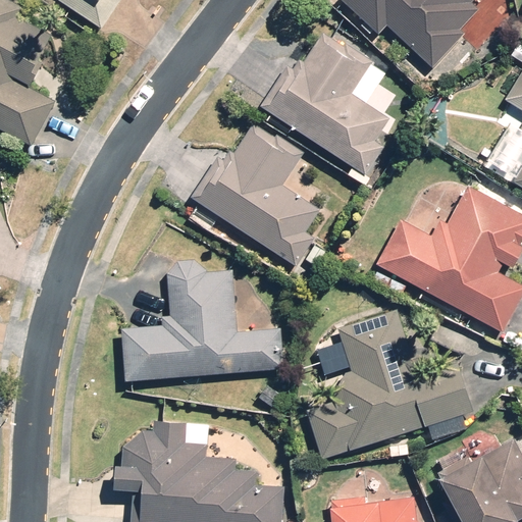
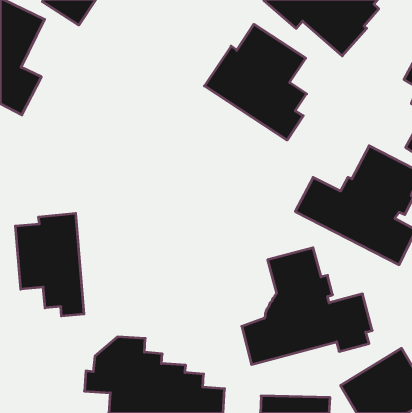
building: [190,122,323,270] -> none
building: [119,261,283,381] -> none
building: none -> [15,213,84,316]

